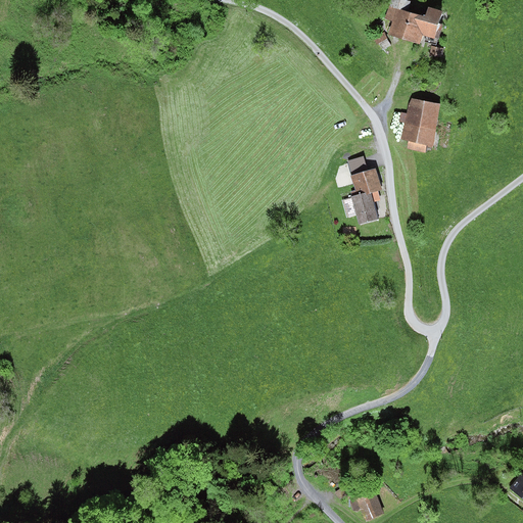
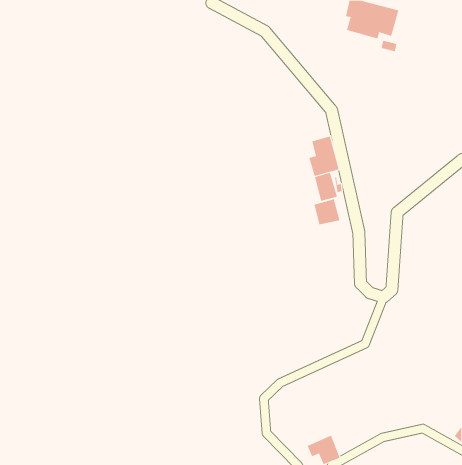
building: [397,98,442,147] -> none
building: none -> [314,199,340,225]

